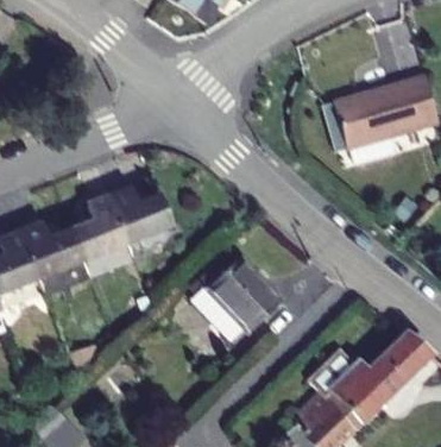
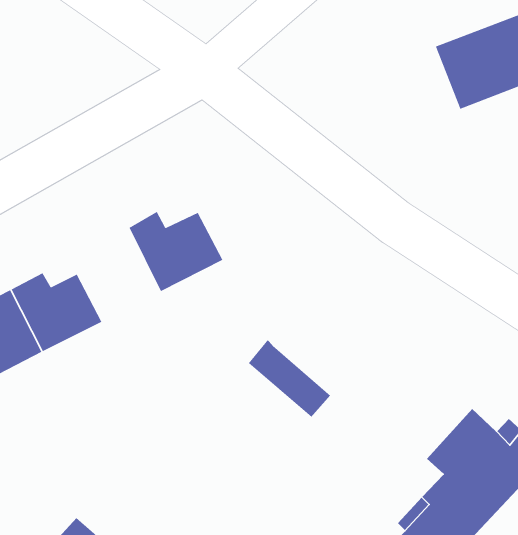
building: [75,199,132,263] -> none
building: [207,259,282,334] -> none

